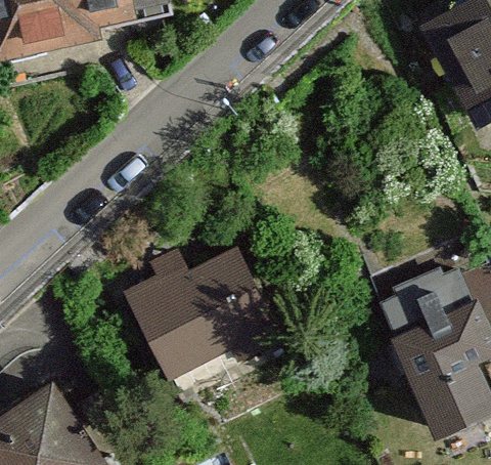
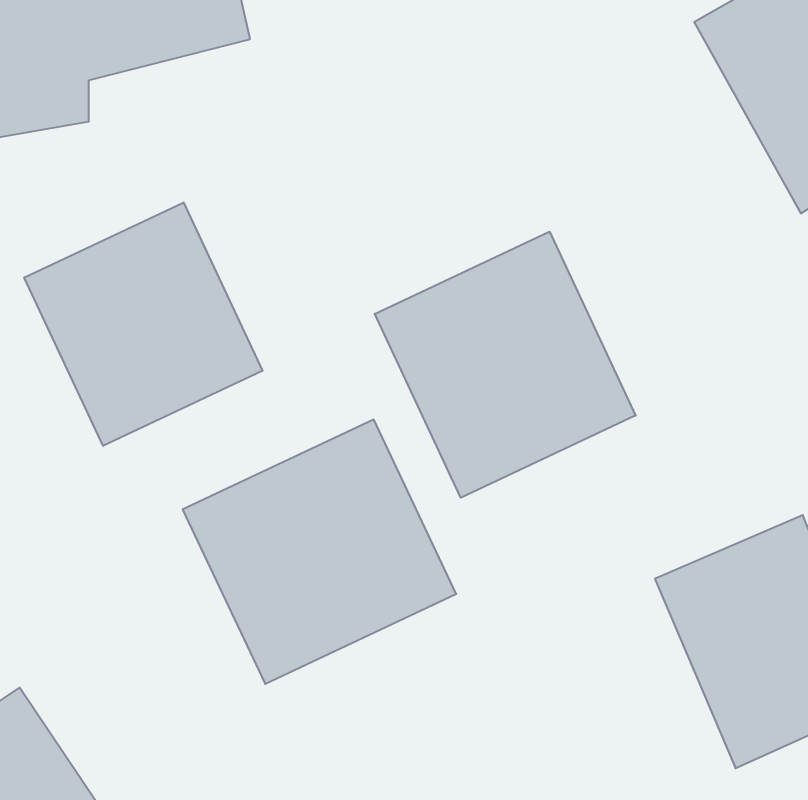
building: none -> [24,202,262,446]
building: none -> [375,232,636,498]

